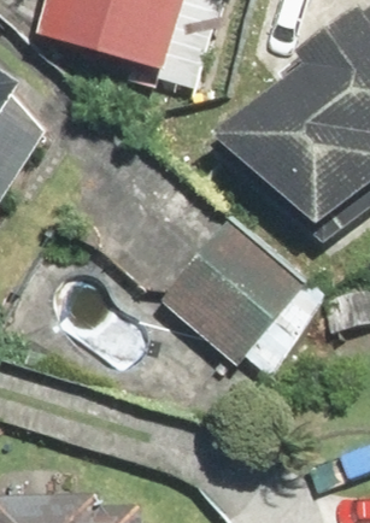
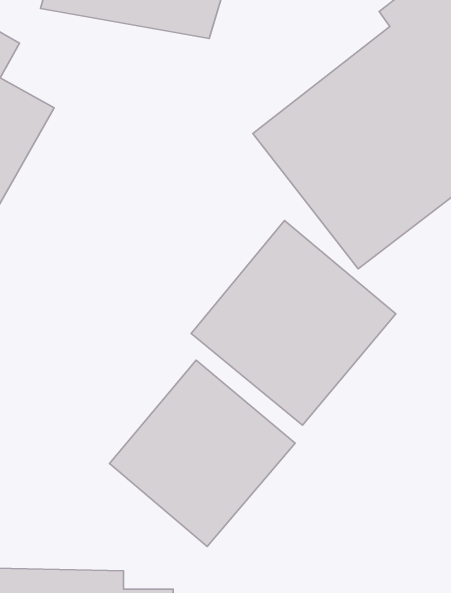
building: none -> [110,360,295,547]

